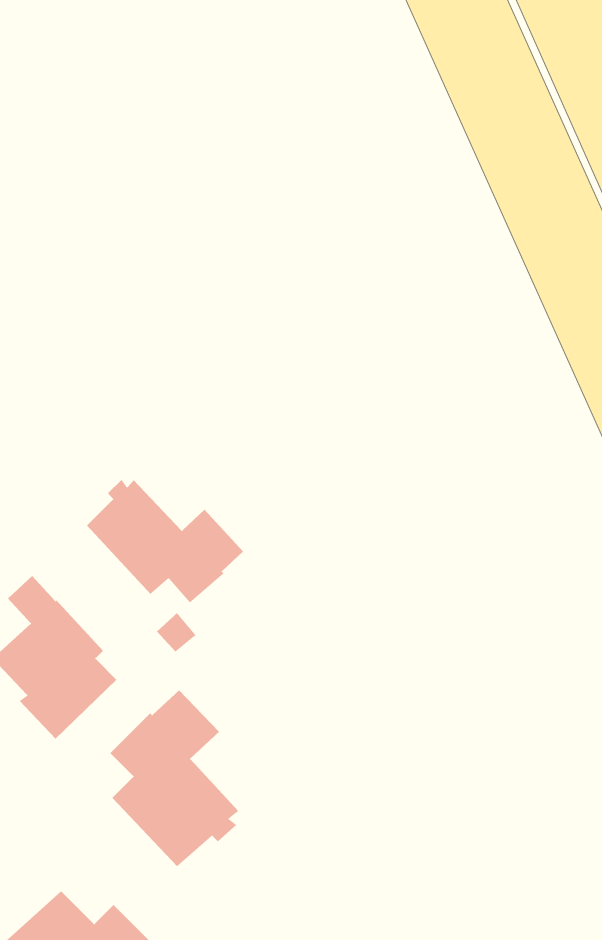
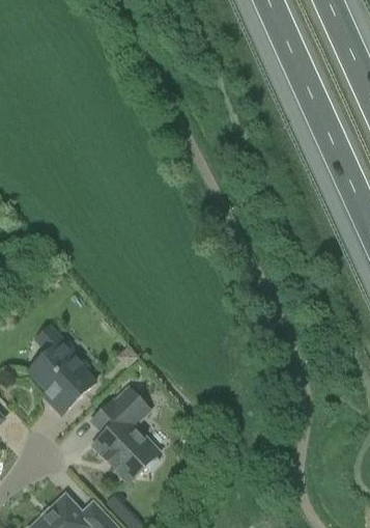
building: [86,479,244,603] -> none

